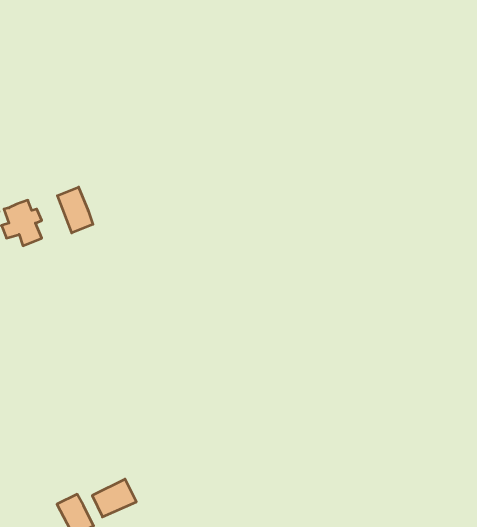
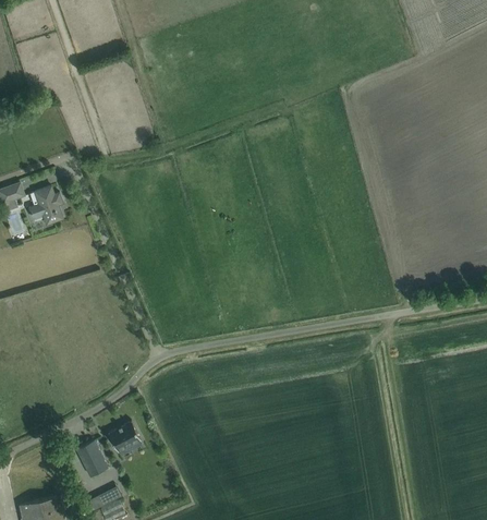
building: [57,187,93,233] -> none

